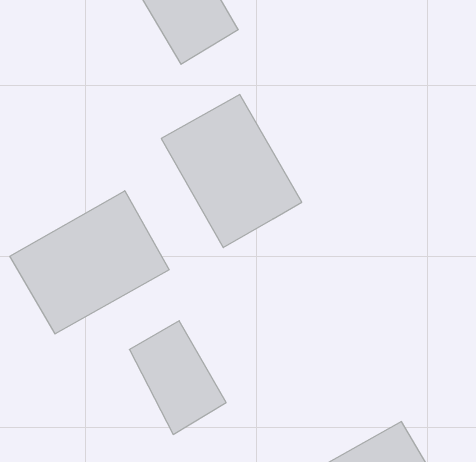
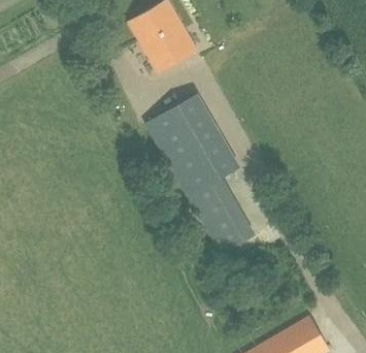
building: [10,191,169,334] -> none
building: [129,321,226,434] -> [188,179,254,256]

